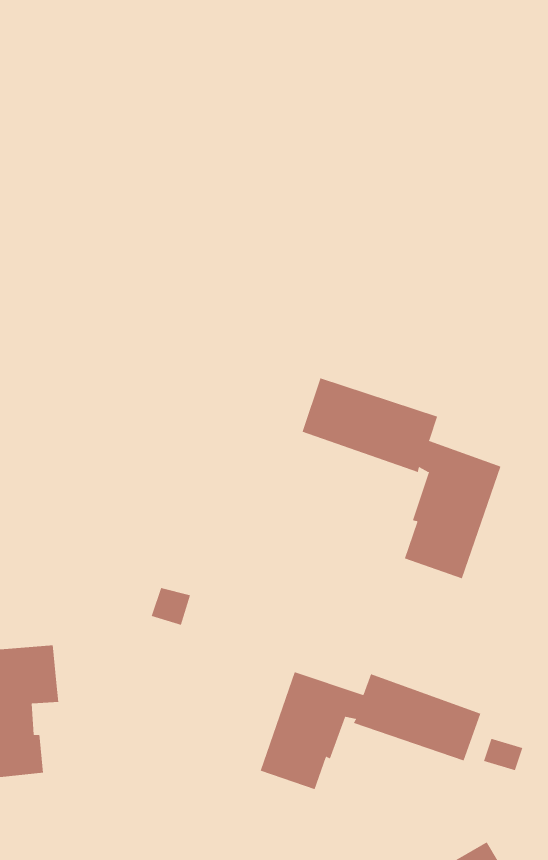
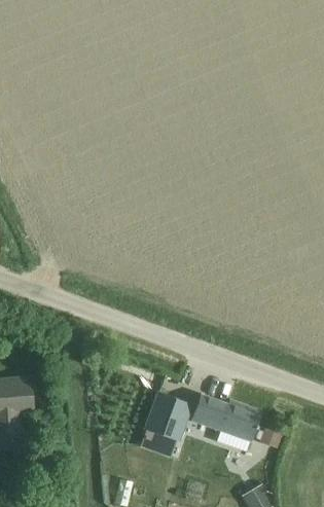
building: [302,378,501,579] -> none

